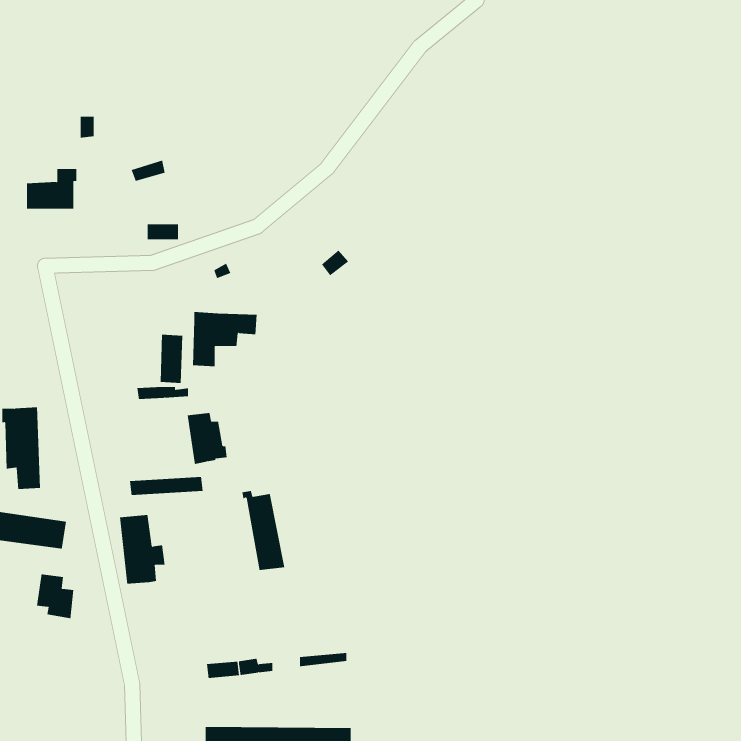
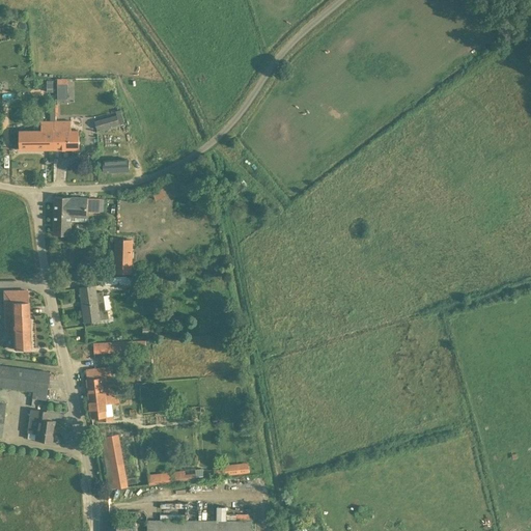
building: none -> [53,121,78,150]
building: [192,312,258,367] -> [53,197,100,236]
building: [187,412,228,465] -> [79,286,108,324]
building: [241,491,285,571] -> [96,432,128,490]

